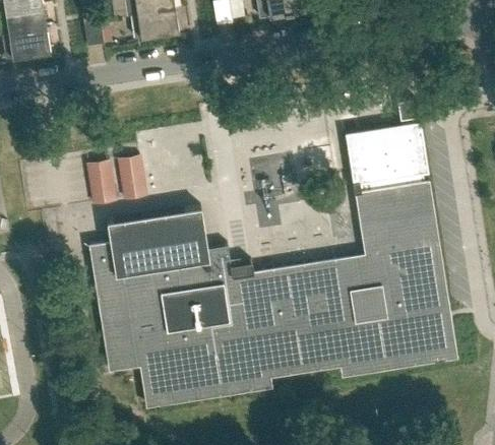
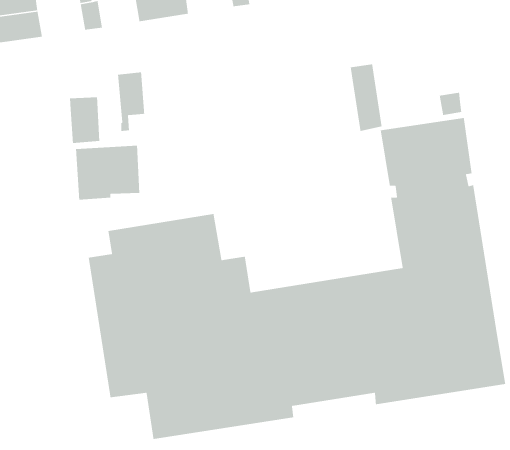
building: none -> [350,63,383,132]
building: none -> [117,71,145,132]
building: none -> [69,96,100,144]

